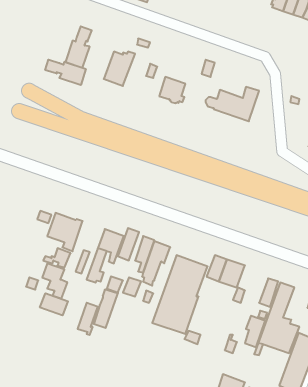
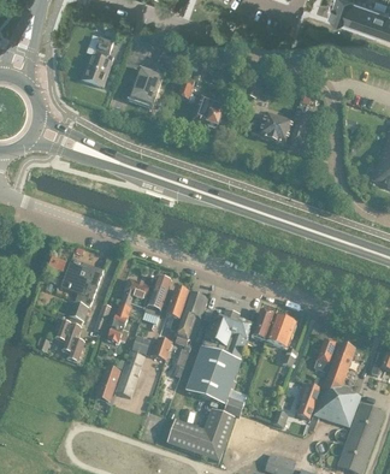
building: [45,60,86,85] -> none
building: [40,293,68,315] -> none
building: none -> [167,408,235,460]

